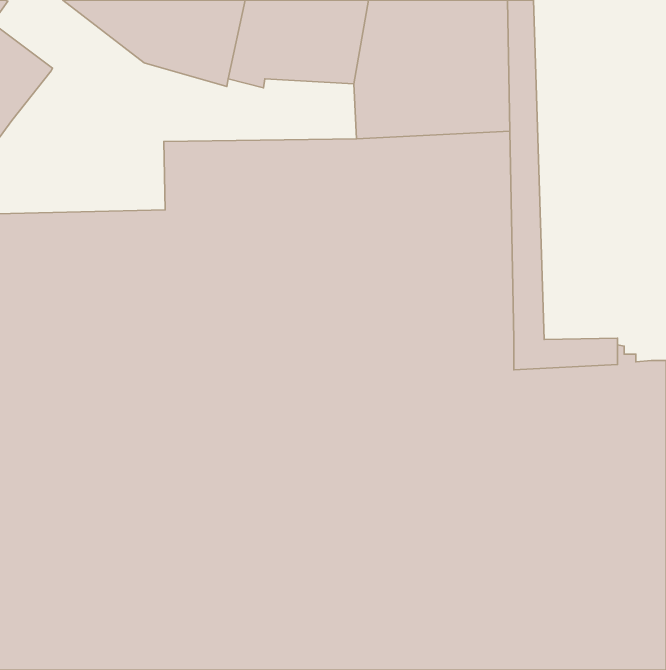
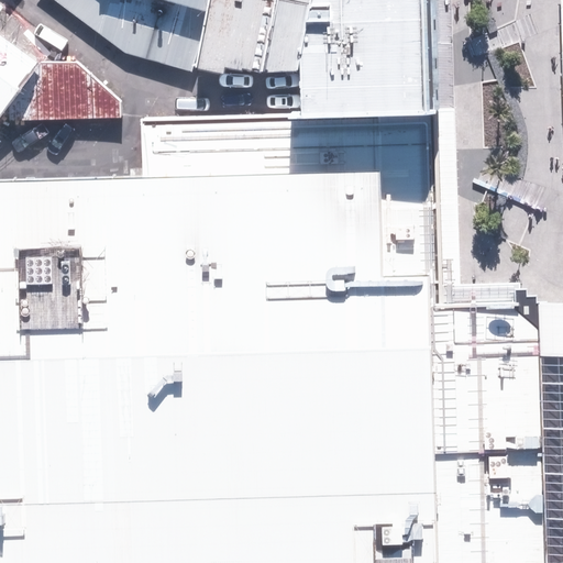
building: none -> [10,58,123,120]

